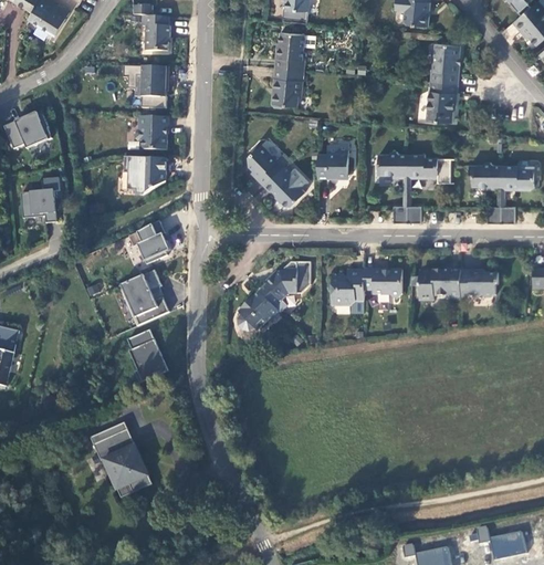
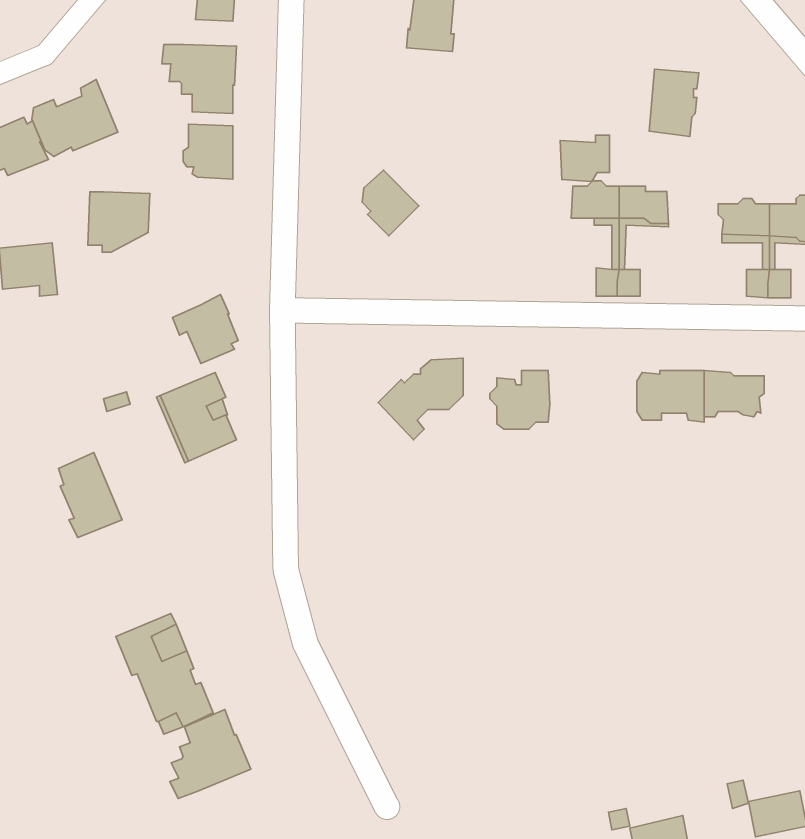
building: [429,43,460,83] -> none
building: [271,67,303,107] -> none
building: none -> [32,80,118,157]
building: [316,149,347,178] -> [560,135,610,181]
building: [127,157,166,195] -> [88,192,150,252]
building: [263,165,306,206] -> none
building: [363,269,401,296] -> none
building: [237,289,279,331] -> none
building: [127,328,167,381] -> [58,453,122,538]
building: none -> [170,710,251,799]

